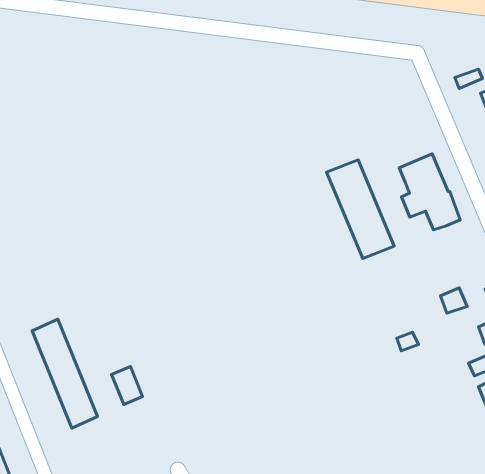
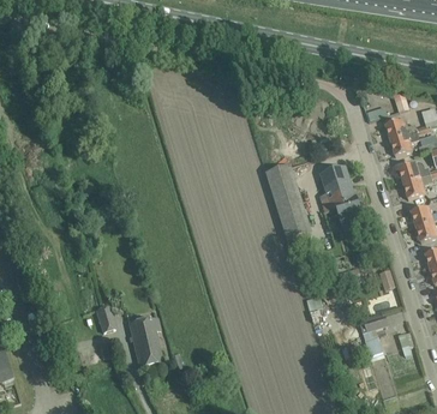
building: [32,319,98,428] -> none
building: none -> [130,316,162,366]

